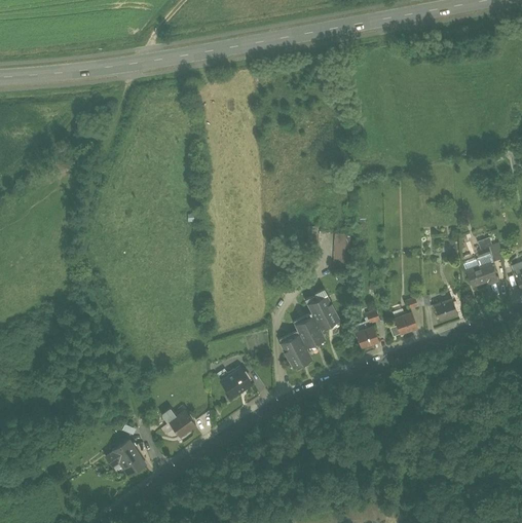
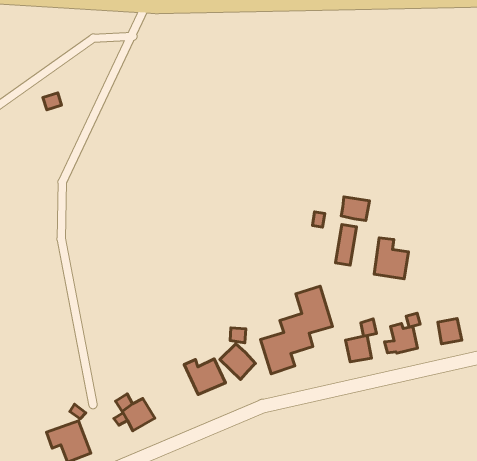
building: none -> [341,197,370,220]
building: none -> [374,238,409,279]
building: none -> [220,344,255,379]

